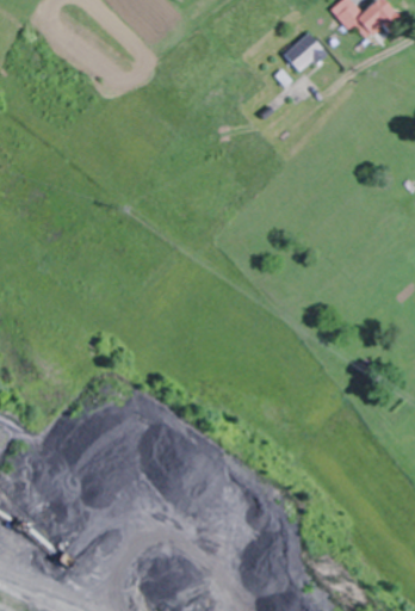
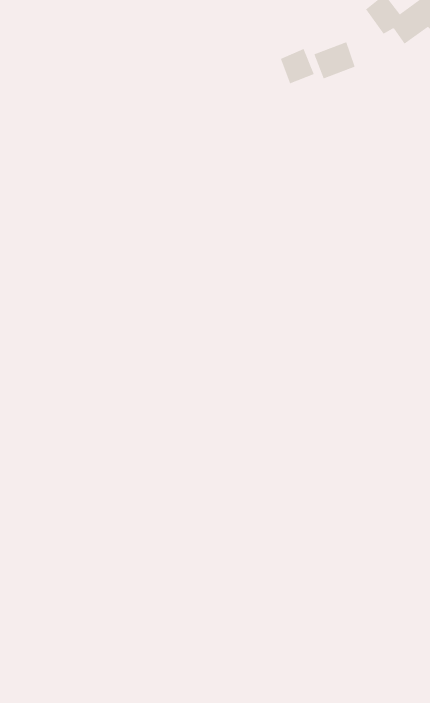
building: none -> [280,48,315,84]

